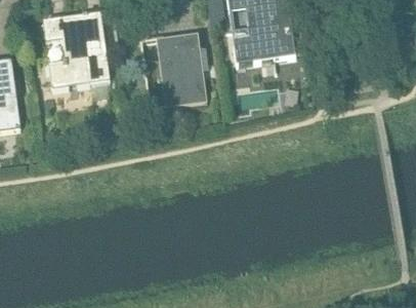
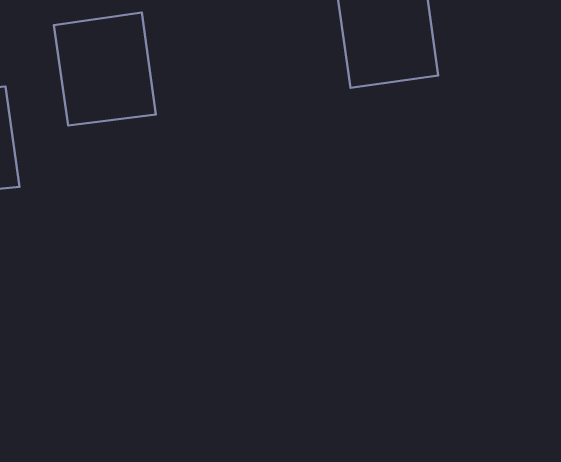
building: [139,33,206,108] -> none

